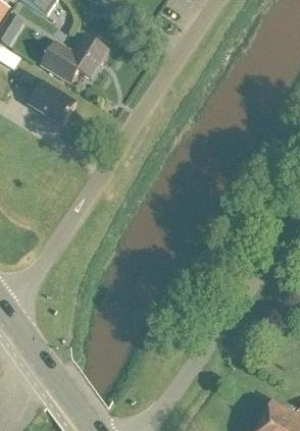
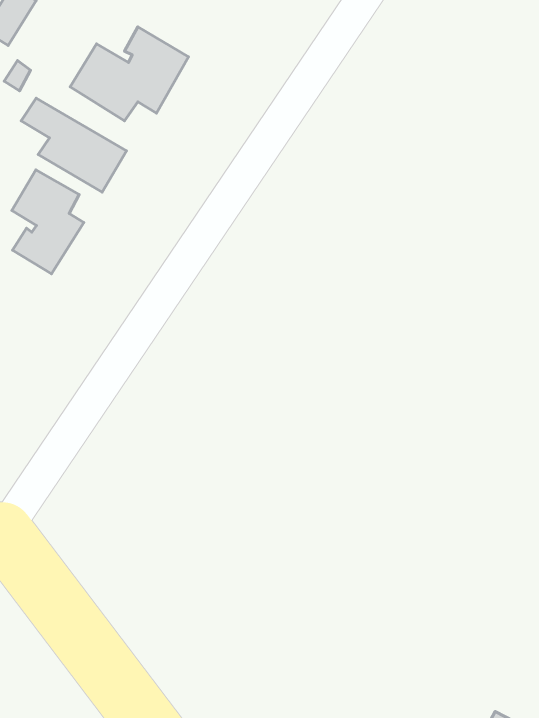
building: none -> [12,170,84,274]

